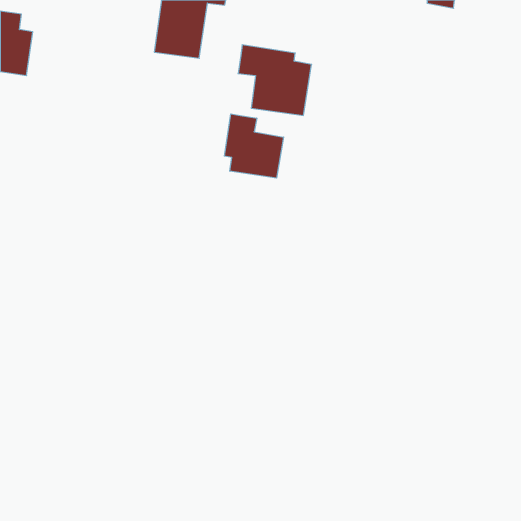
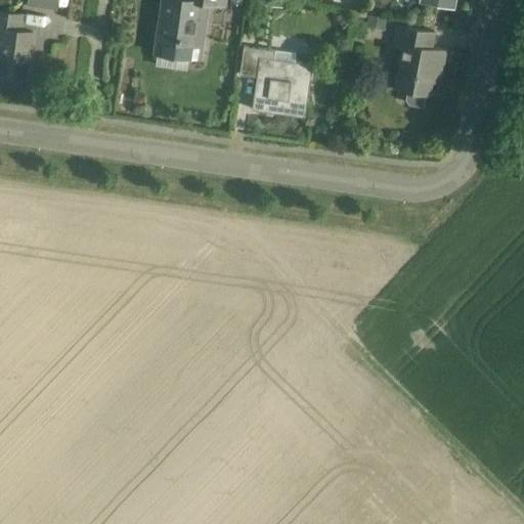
building: none -> [393,25,446,107]
building: [224,114,284,178] -> none

